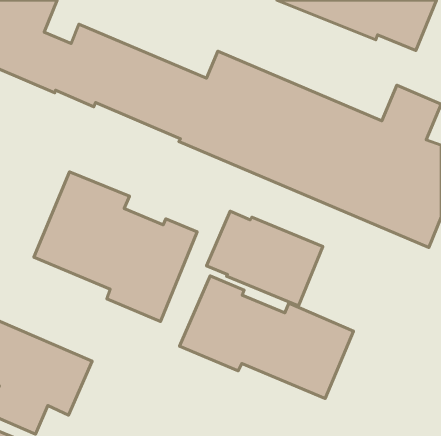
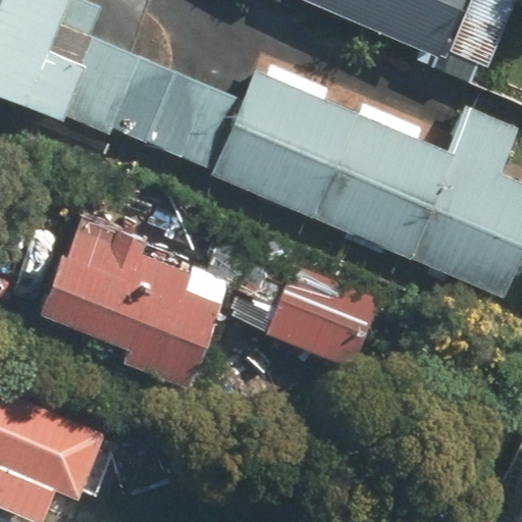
building: [180,276,354,398] -> none

